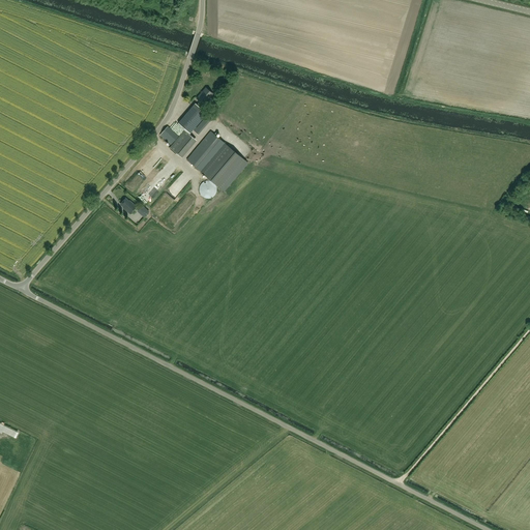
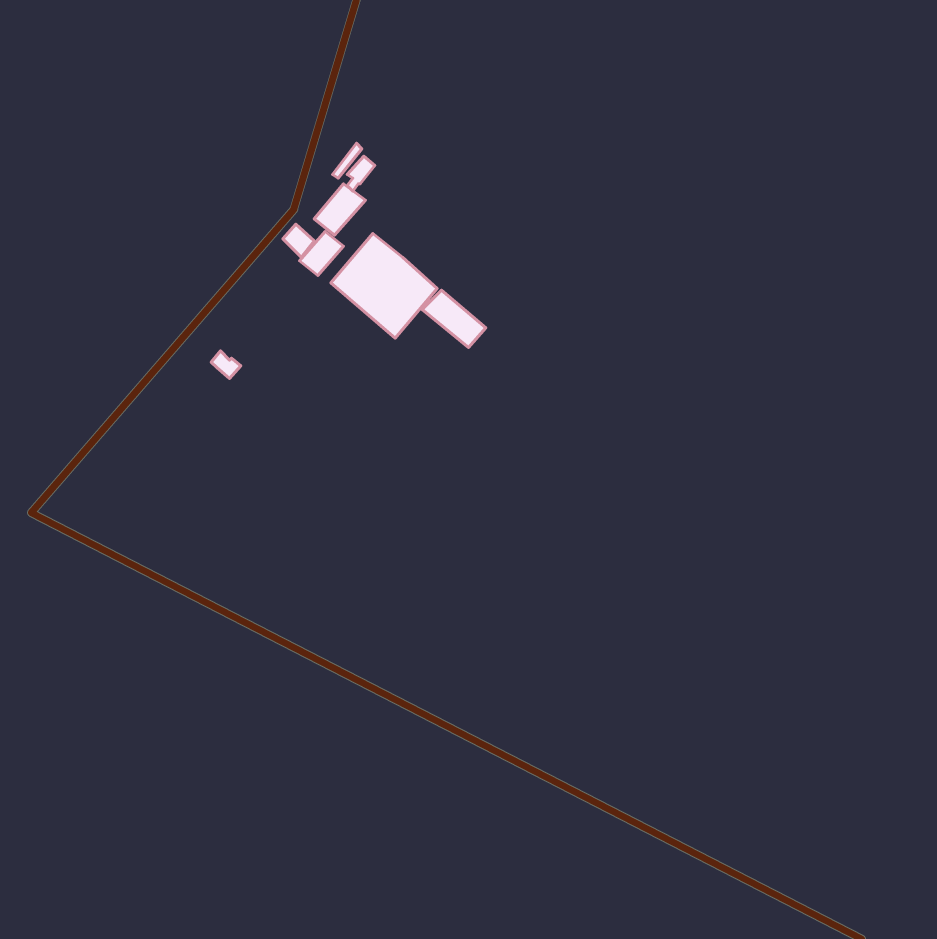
building: none -> [422,290,486,347]

